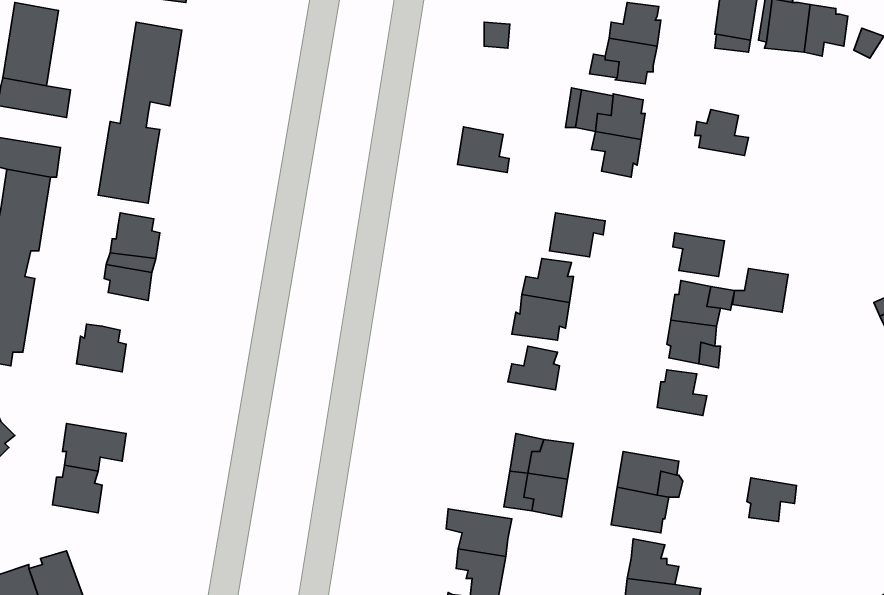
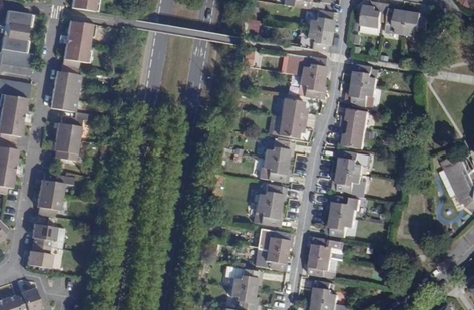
building: [458,127,509,172] -> [281,97,307,120]
building: none -> [351,83,376,106]
building: [733,269,788,312] -> [341,108,369,130]
building: none -> [37,193,62,216]
building: none -> [254,202,281,226]
building: [747,478,797,521] -> [330,215,355,237]

